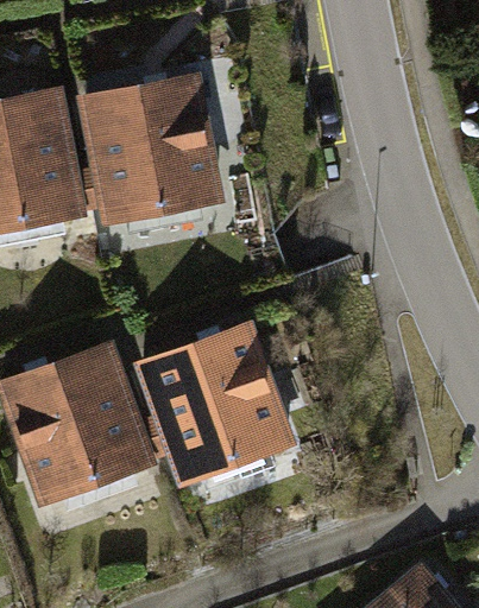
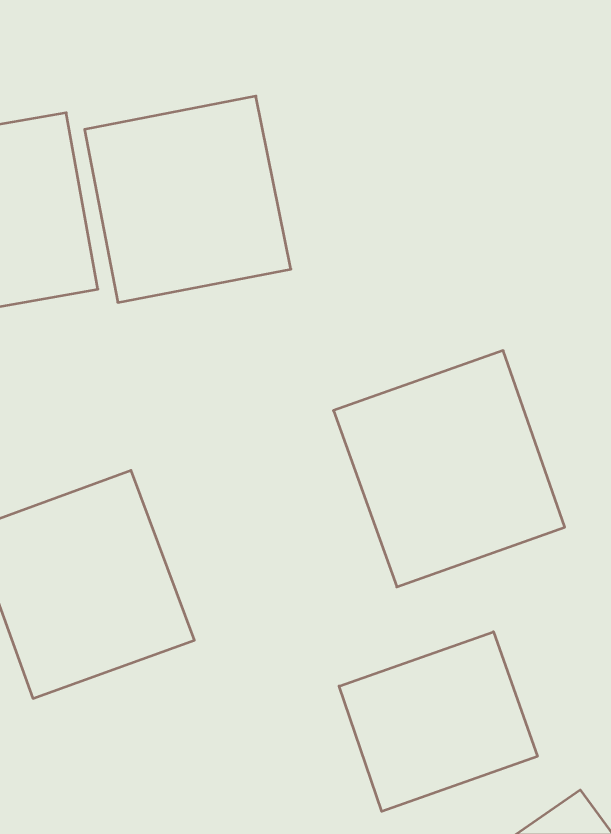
building: [131,322,296,490] -> [333,351,565,587]
building: none -> [339,632,537,811]

